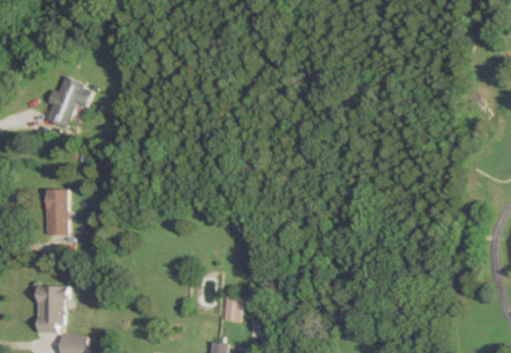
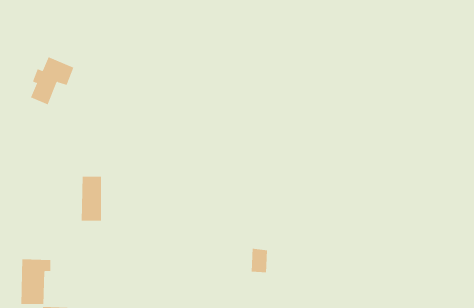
building: [45,189,67,235] -> [81,176,102,221]
building: [222,296,239,321] -> [251,248,268,273]

